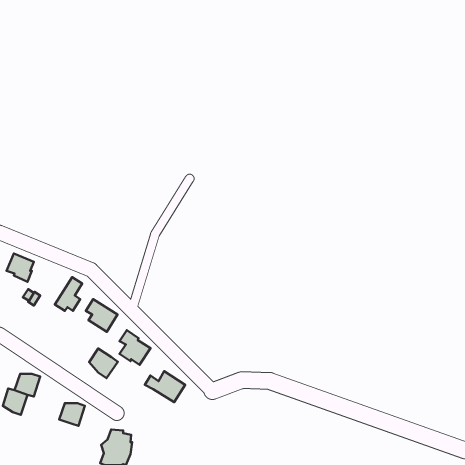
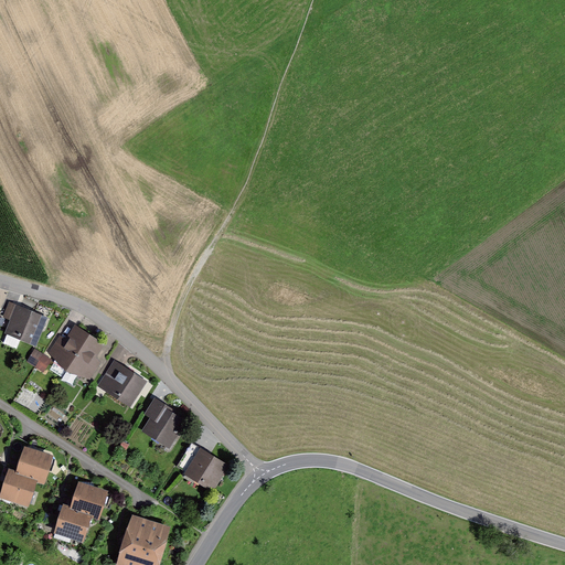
building: none -> [50,328,87,369]
building: [89,349,118,378] -> none
building: none -> [57,505,87,537]

